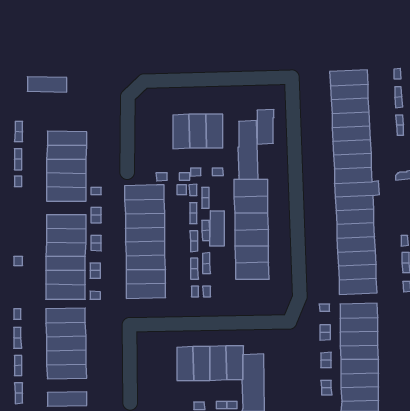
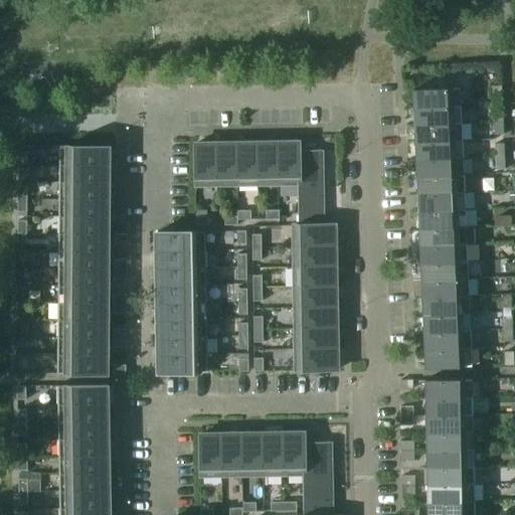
building: [27,77,67,92] -> [60,146,110,165]
building: [257,110,274,144] -> [280,142,301,185]
building: none -> [195,144,217,186]
building: none -> [59,251,109,269]
building: [210,211,224,246] -> none
building: none -> [296,349,338,371]
building: none -> [200,435,222,477]
building: none -> [60,473,110,491]

